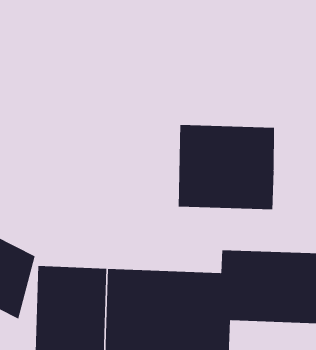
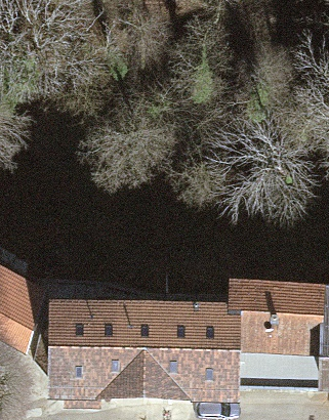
building: [178,124,275,210] -> none

